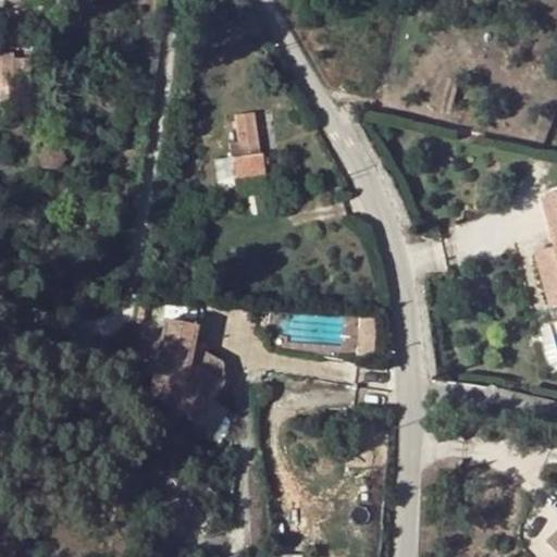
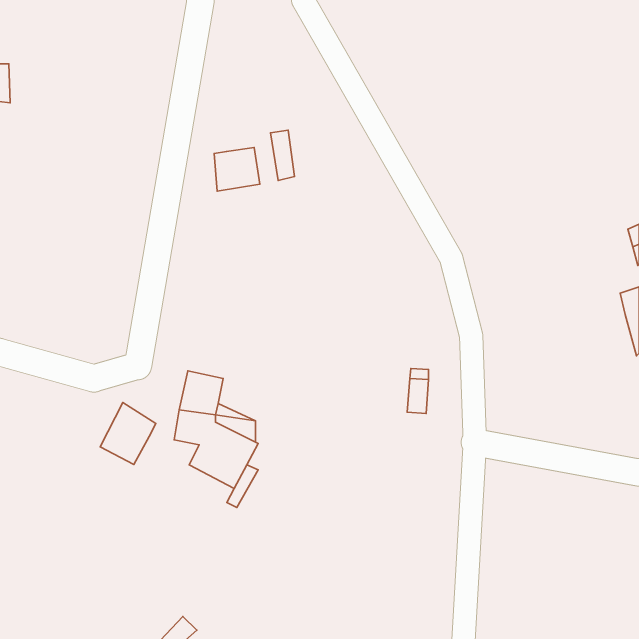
building: none -> [214,147,260,191]
building: none -> [100,402,156,465]

